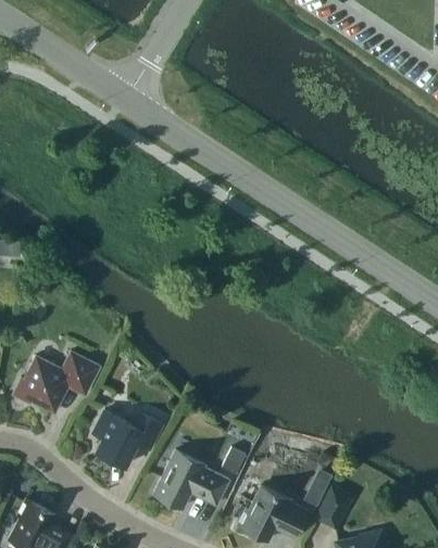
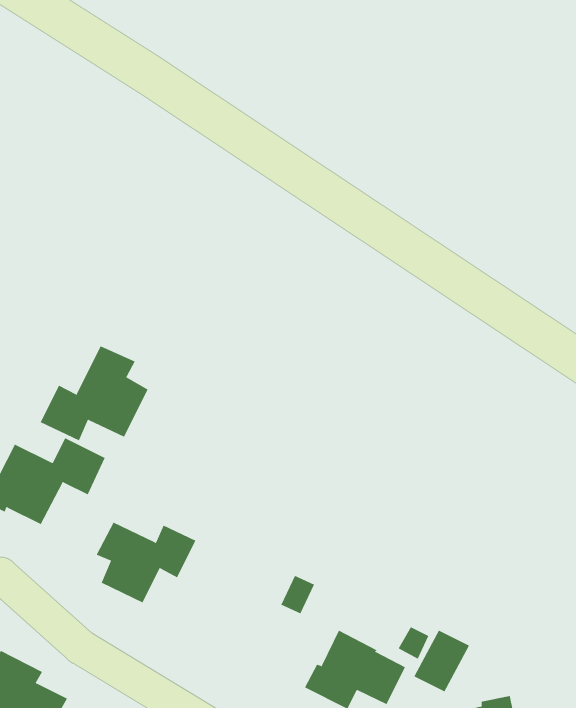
building: none -> [40,345,149,441]
building: [153,450,228,508] -> none

